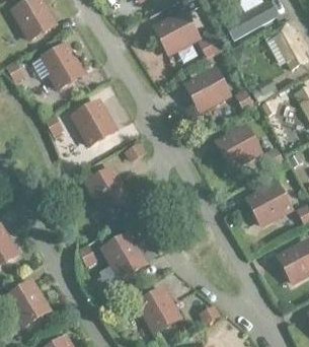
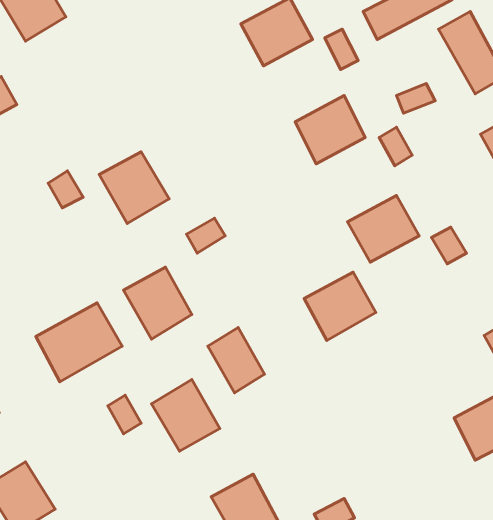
building: [42,46,81,87] -> none
building: [247,185,289,224] -> [304,272,376,341]
building: none -> [36,303,122,382]
building: none -> [208,328,265,393]

